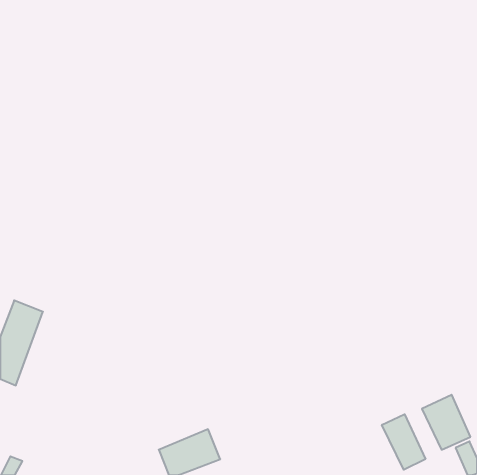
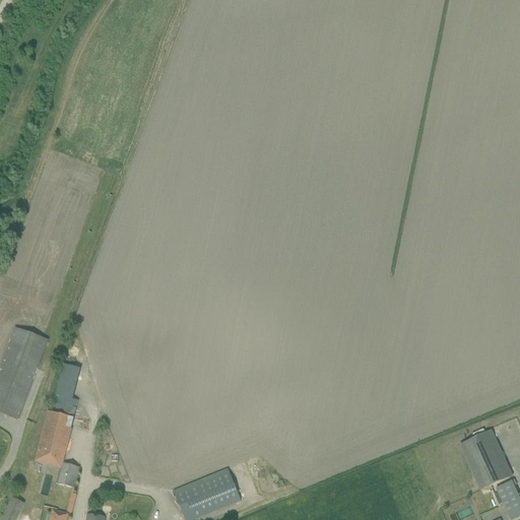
building: none -> [34,364,80,488]
building: [382,414,425,470] -> none

